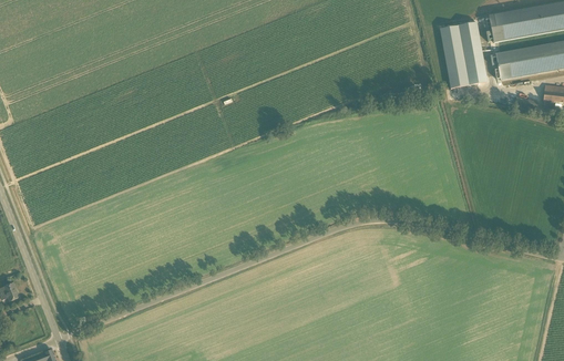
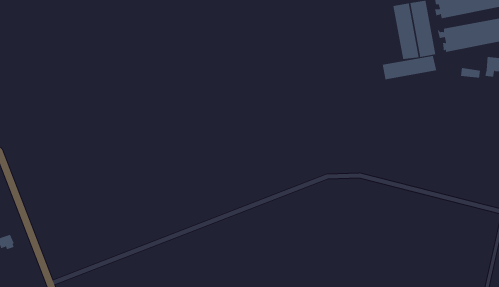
building: none -> [382,55,437,80]

